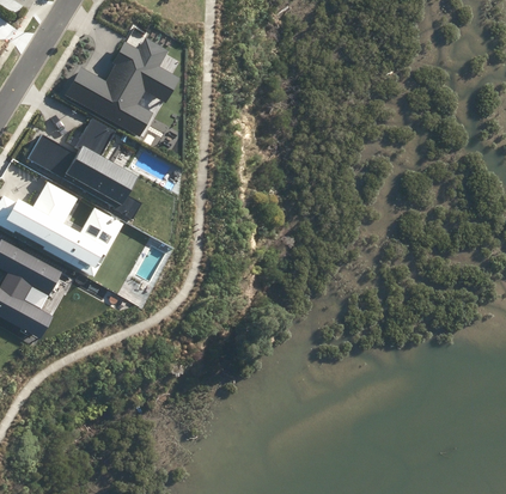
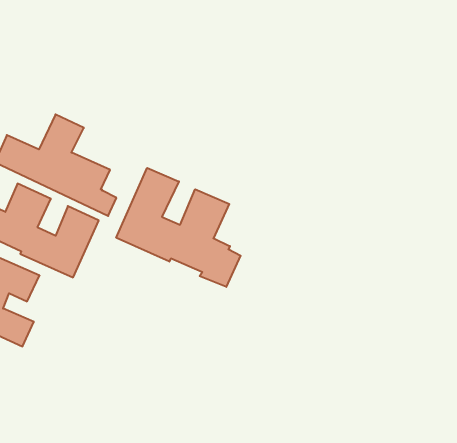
building: [65,37,179,136] -> none
building: none -> [116,168,241,287]

